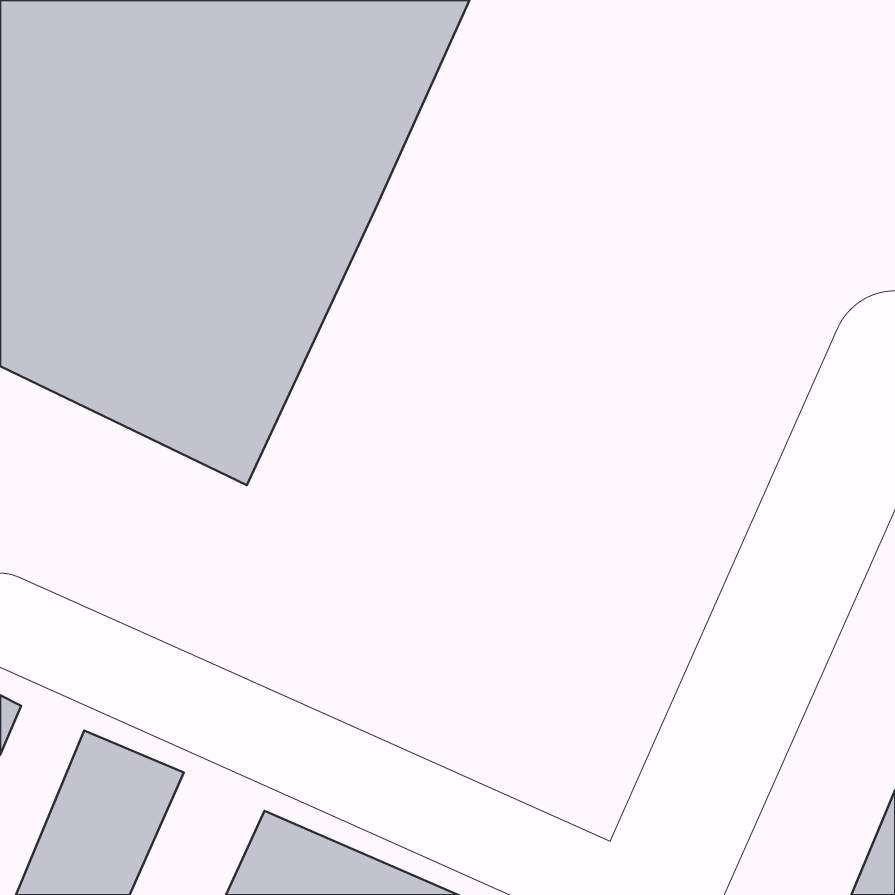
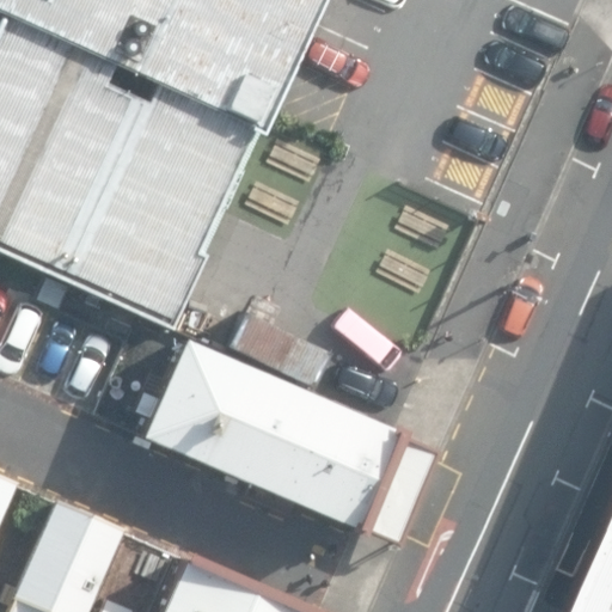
building: none -> [134,335,399,536]

